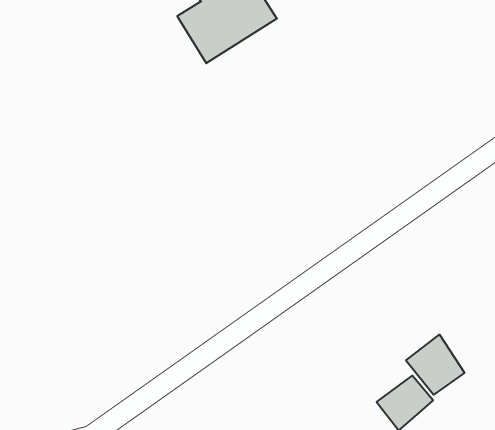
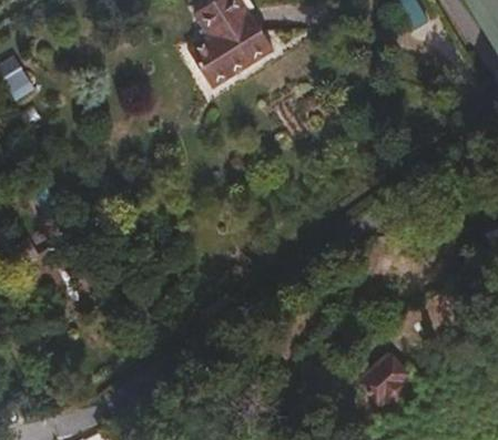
building: [406,335,464,395] -> none

